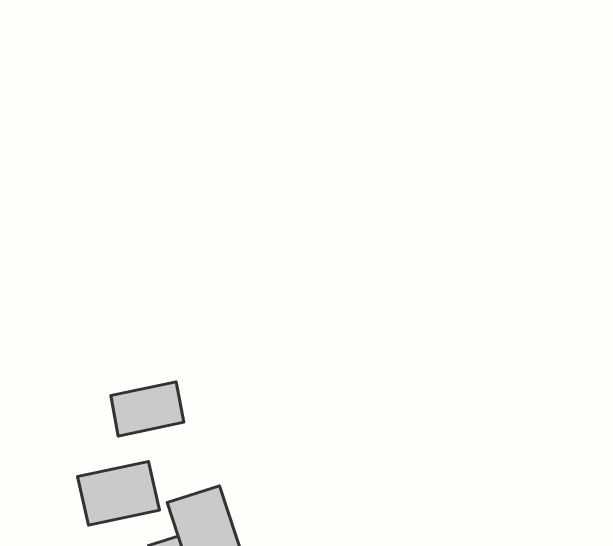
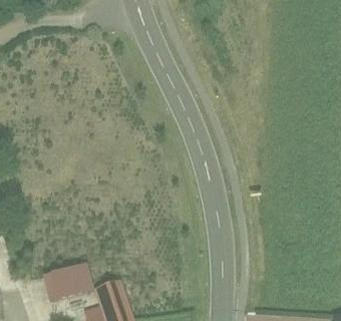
building: [111,382,184,436] -> none

